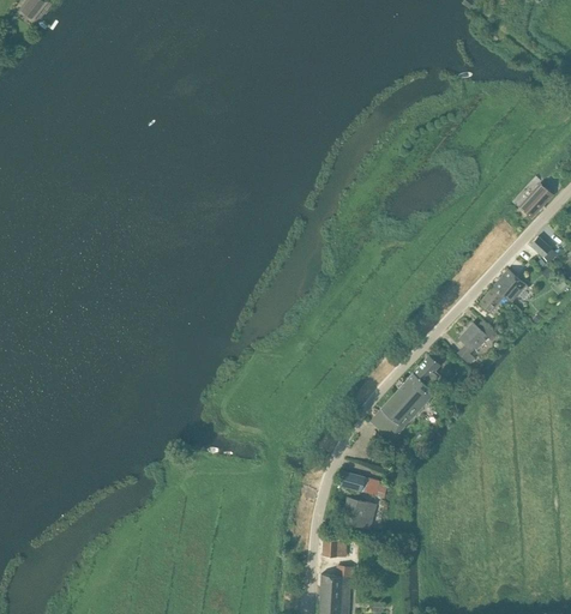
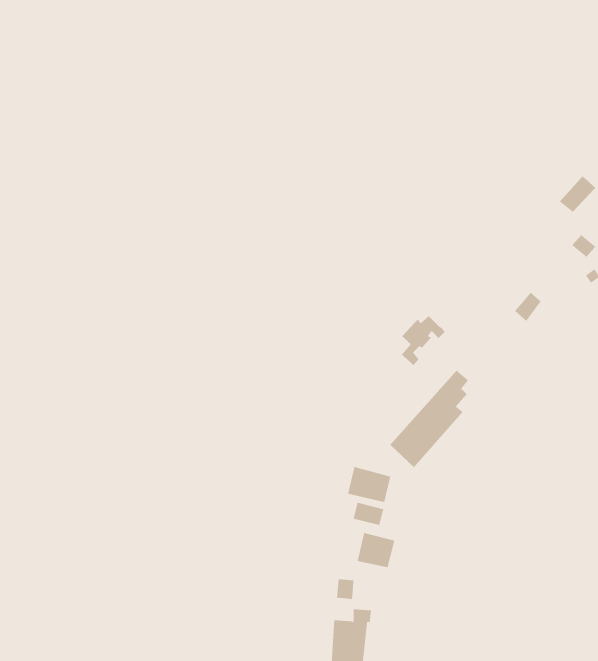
building: [494,267,527,300] -> none
building: [458,319,498,363] -> [400,316,445,366]
building: none -> [347,466,391,503]

